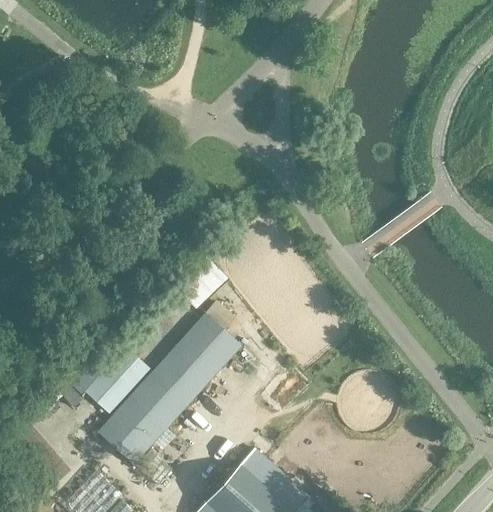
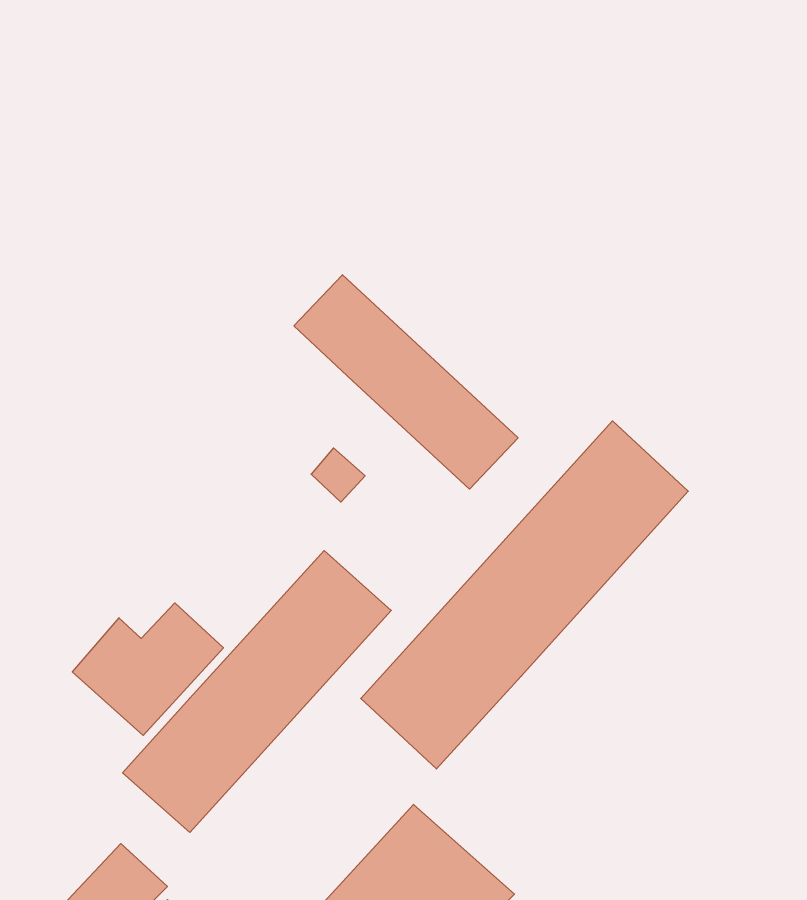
building: none -> [294,275,518,489]
building: none -> [361,421,688,769]

